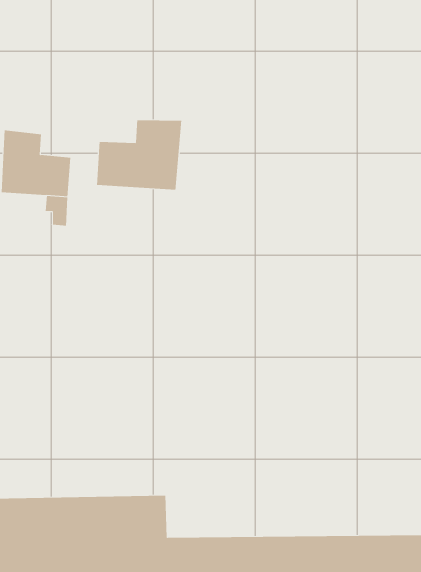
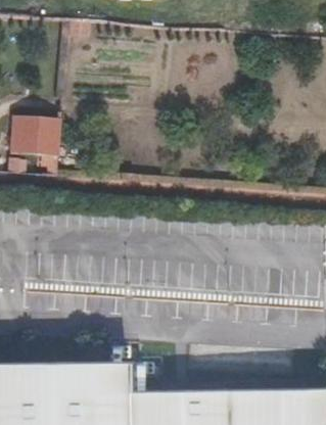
building: [97,119,182,191] -> none

